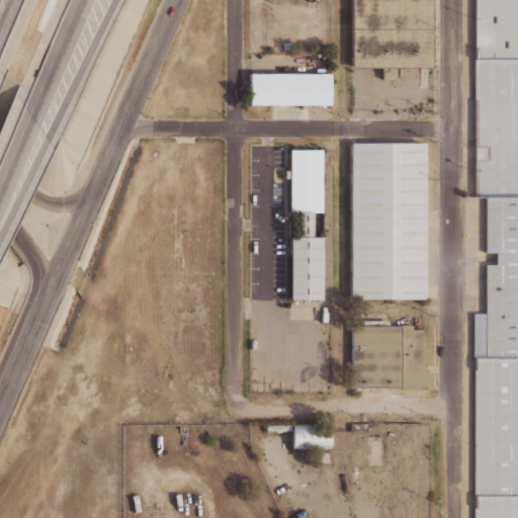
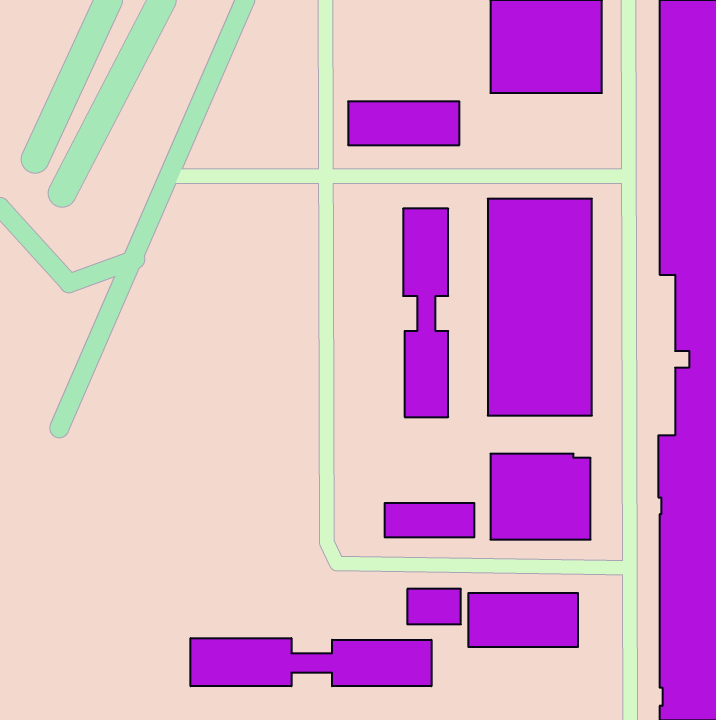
building: none -> [385,503,474,537]
building: none -> [468,593,578,647]
building: none -> [191,638,431,686]

